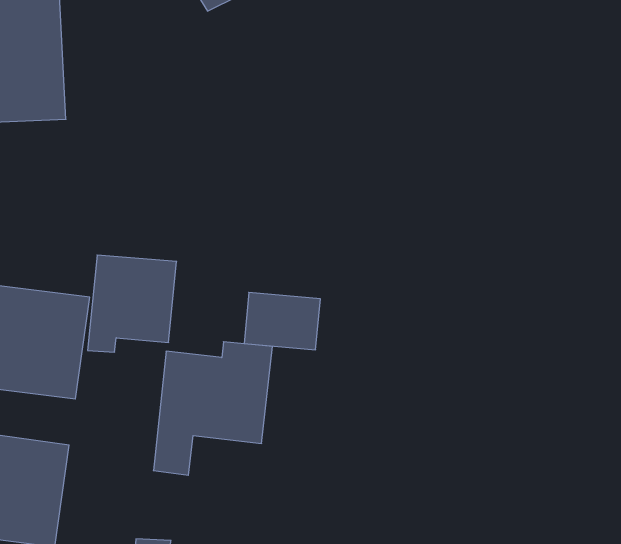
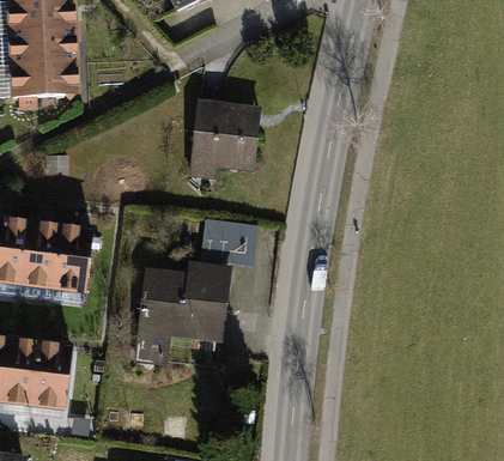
building: [88,255,177,352] -> [190,103,257,176]

